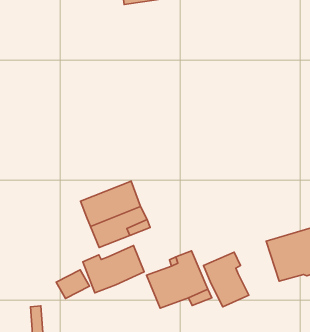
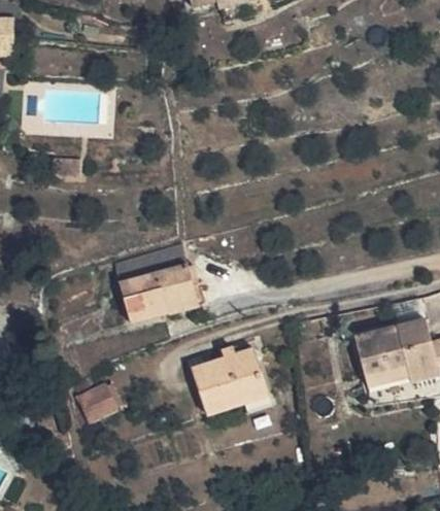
building: [83,246,144,293] -> none
building: [204,252,249,307] -> none

